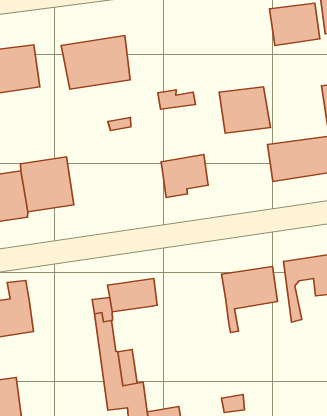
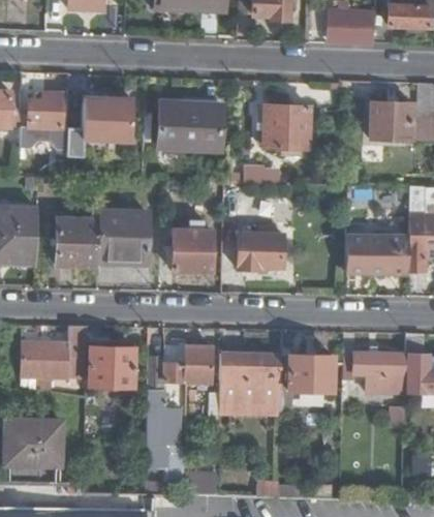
building: [219,87,271,133] -> [264,104,309,148]
building: none -> [172,221,212,271]
building: none -> [217,354,279,404]
building: none -> [86,340,133,387]

